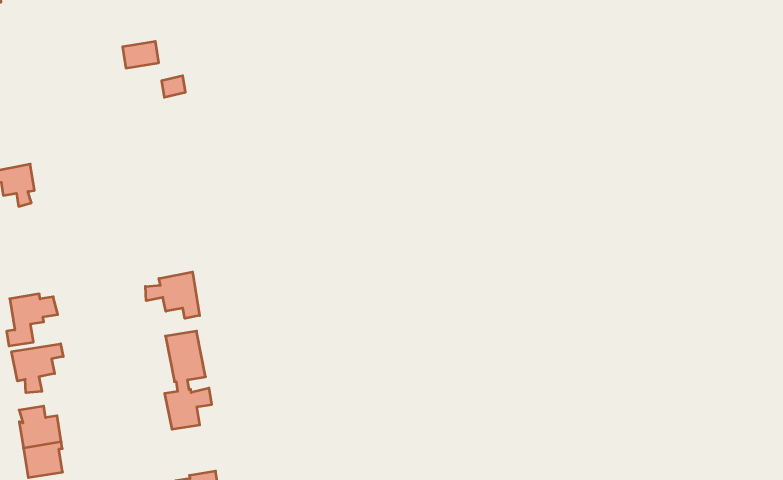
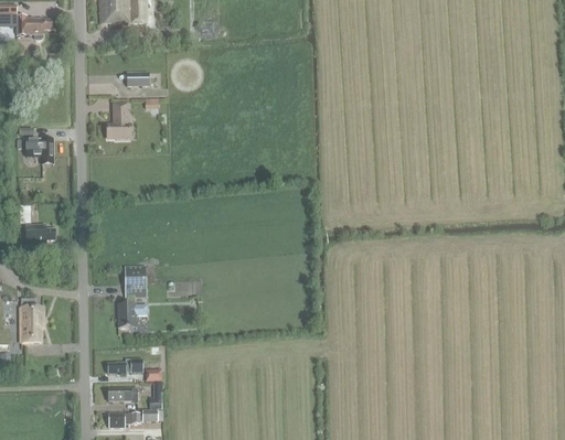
building: none -> [107,104,130,139]
building: [145,272,200,318] -> none
building: [12,344,63,393] -> none

